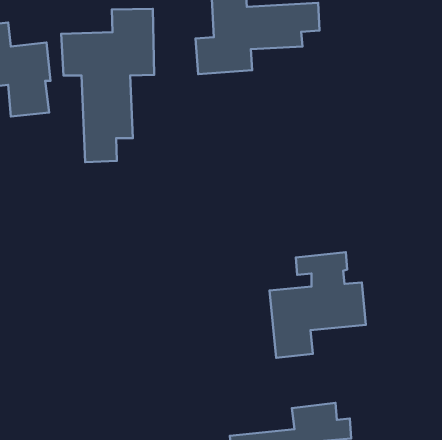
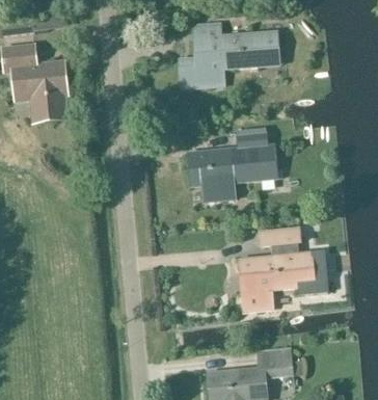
building: [61,9,154,162] -> none
building: none -> [188,132,277,203]

